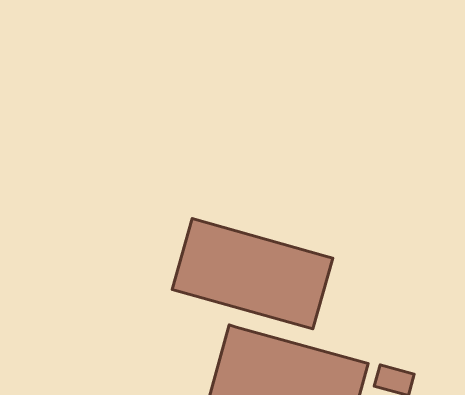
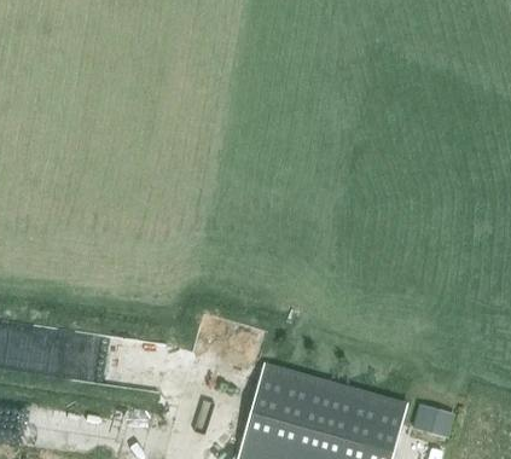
building: [172,219,333,329] -> none

